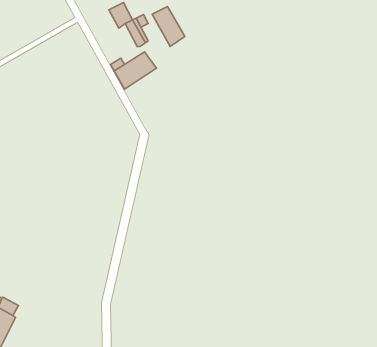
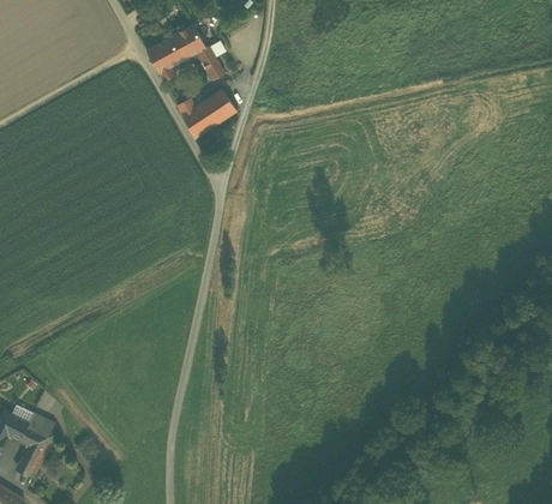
building: [152,6,185,46] -> none
building: none -> [148,34,188,80]

